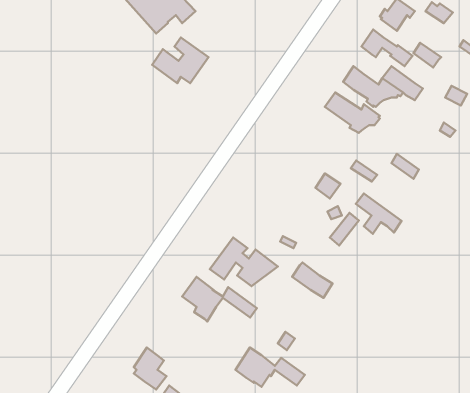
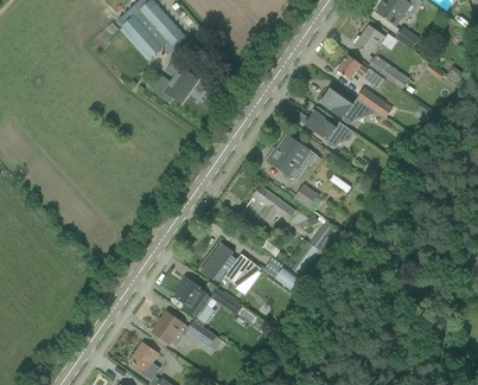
building: none -> [267,135,317,181]
building: [356,193,402,234] -> [254,186,295,223]
building: [236,347,305,387] -> [153,312,216,347]

